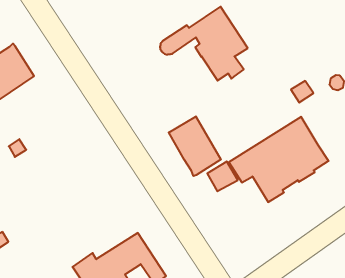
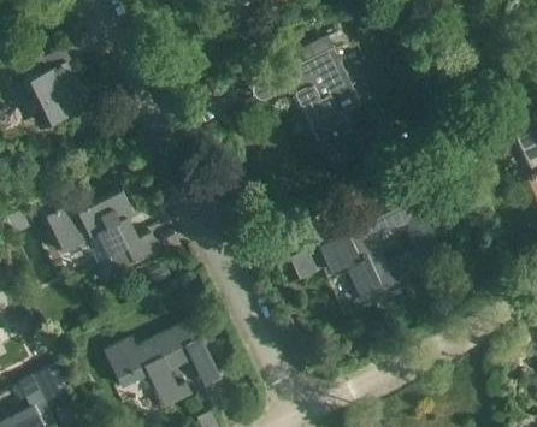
building: [169,116,221,176] -> none
building: none -> [46,189,157,285]

